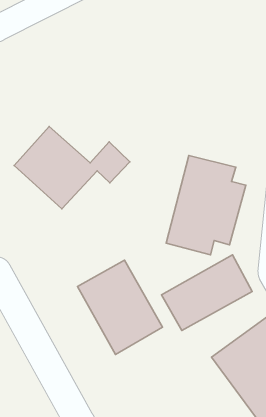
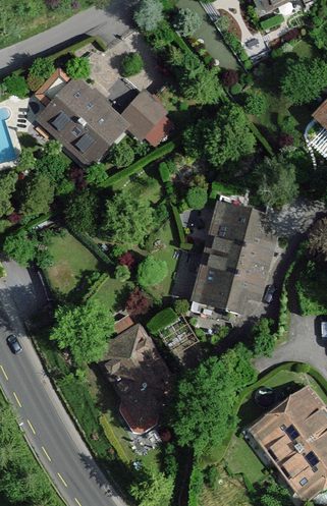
building: [14,127,130,209] -> [37,74,167,167]
building: [162,255,252,331] -> none

